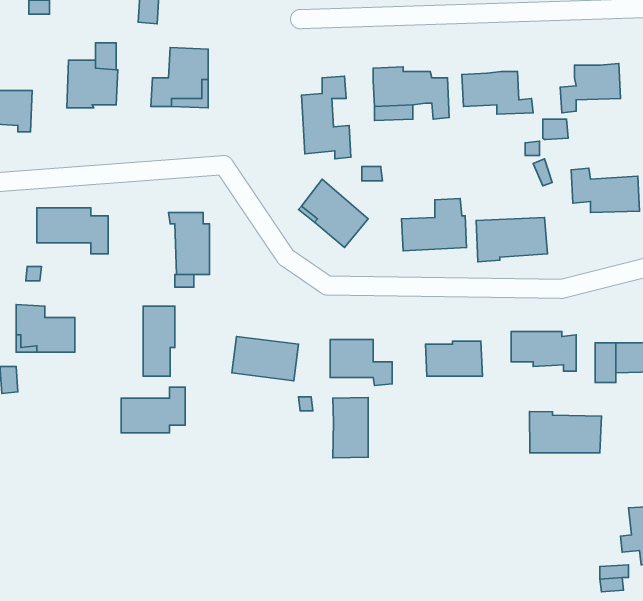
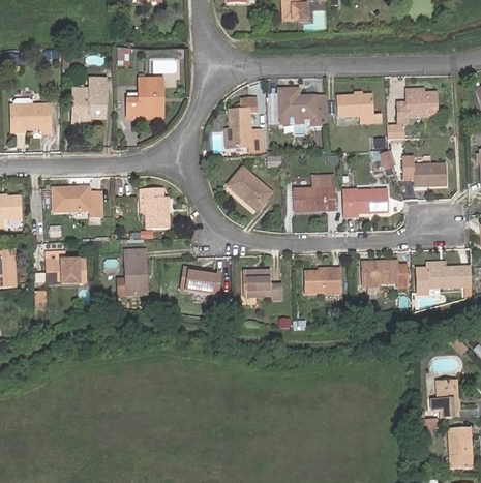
building: [121,387,185,433] -> none
building: [333,398,368,458] -> none
building: [530,411,601,453] -> none

